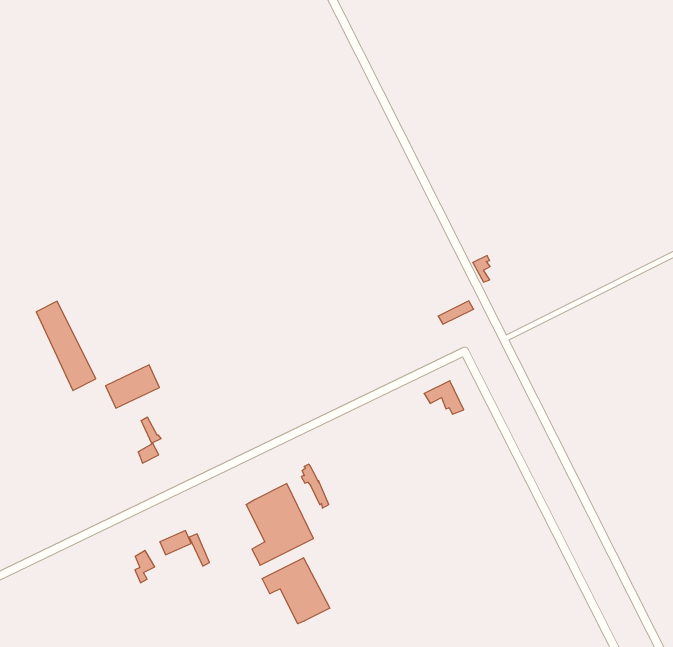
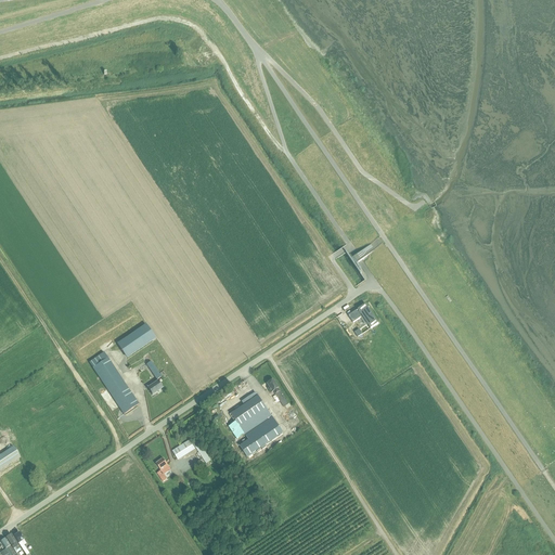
building: [36,301,96,391] -> [88,350,138,413]
building: [262,558,330,624] -> none

